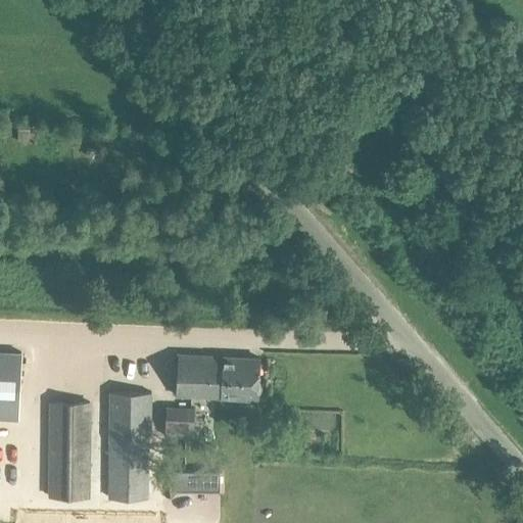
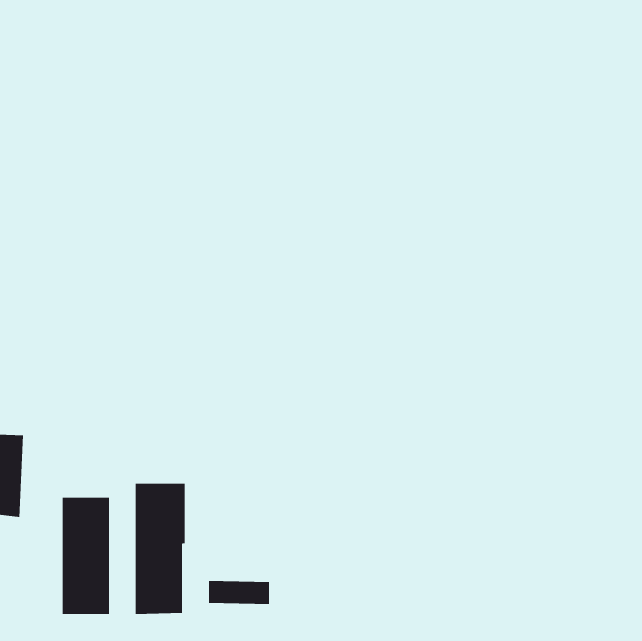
building: [175,356,259,401] -> none
building: [165,409,194,437] -> none

